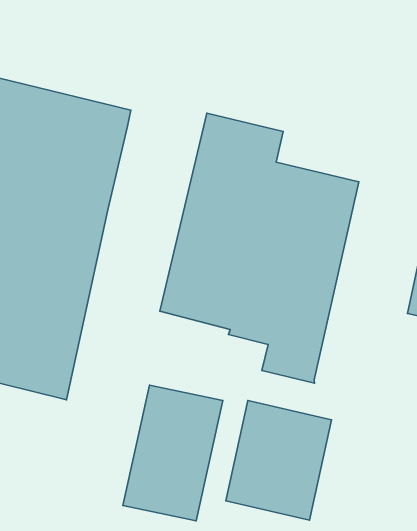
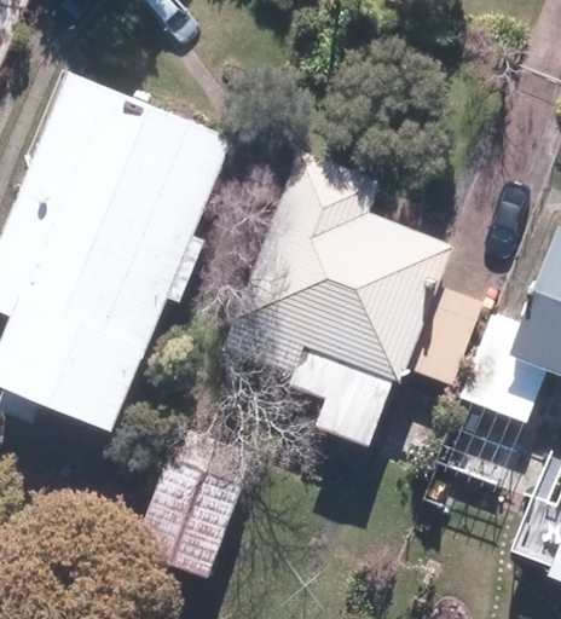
building: [226,400,332,520] -> none

